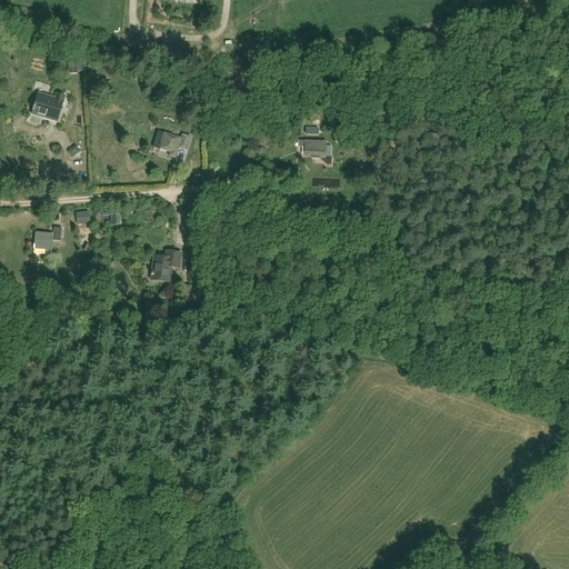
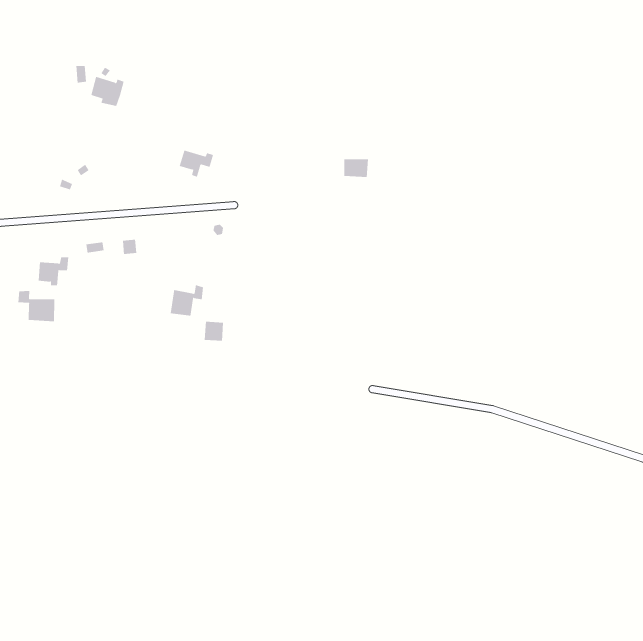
building: [33,92,63,119] -> [91,76,125,107]
building: none -> [18,290,55,322]

